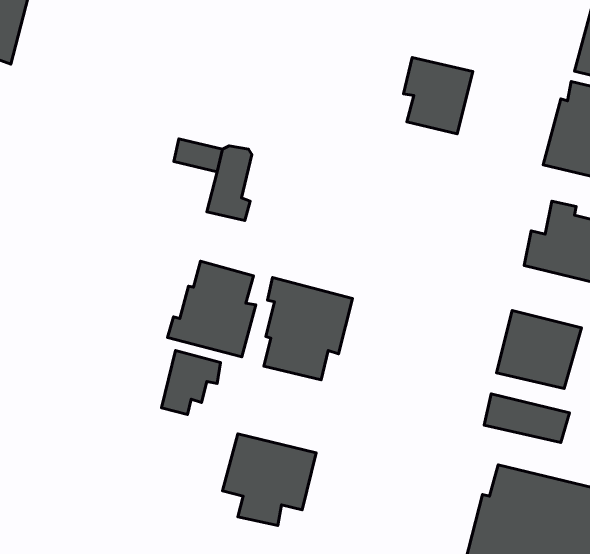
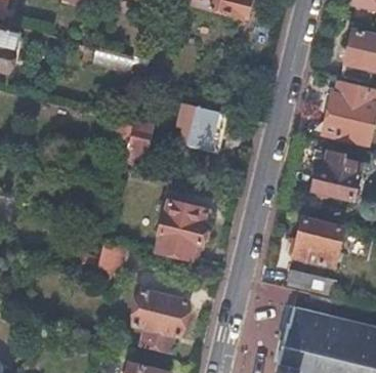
building: [403,58,473,134] -> [184,105,225,150]
building: [168,261,256,357] -> none

